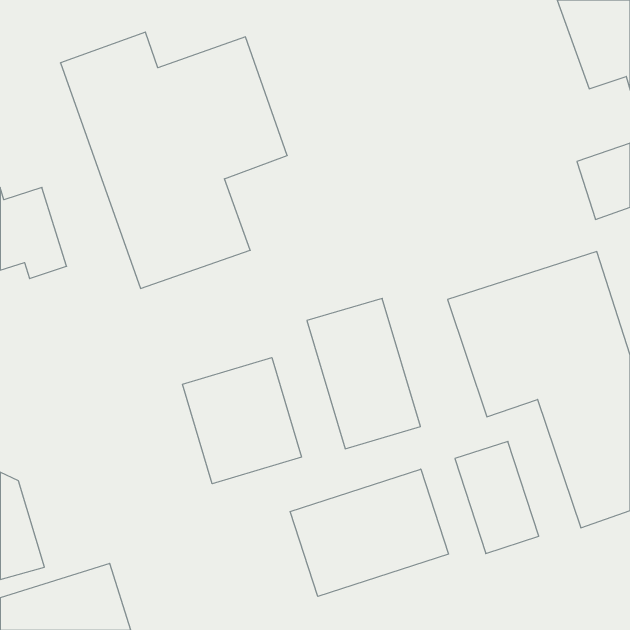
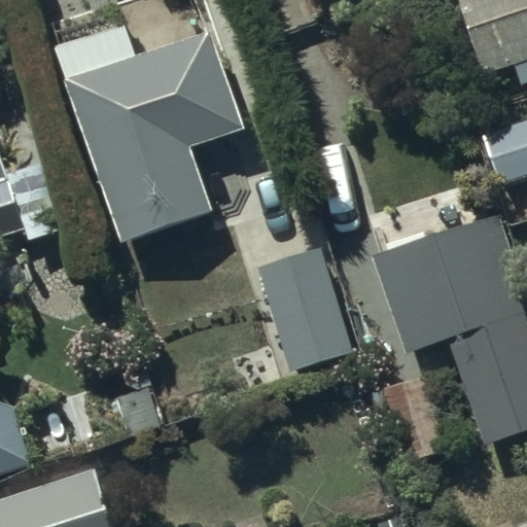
building: [183,358,301,484] -> none
building: [290,469,448,596] -> none

